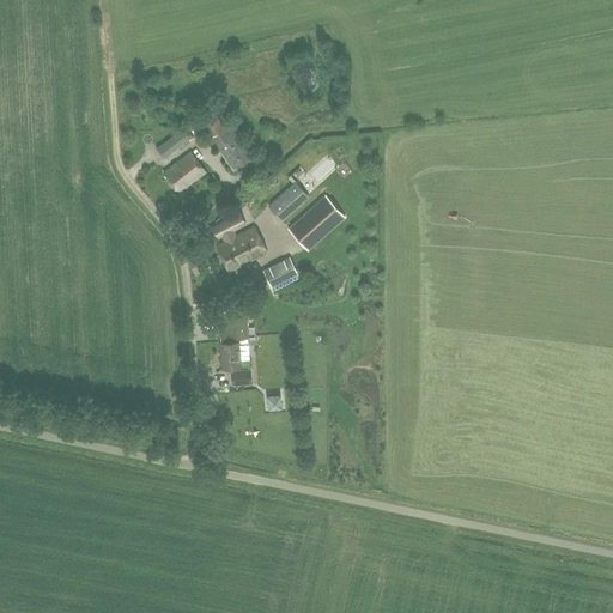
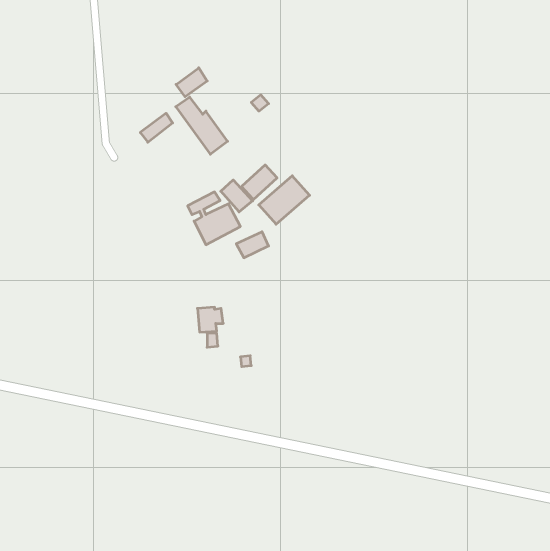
building: none -> [176,68,207,97]
building: [163,151,205,192] -> none
building: none -> [221,180,253,212]

